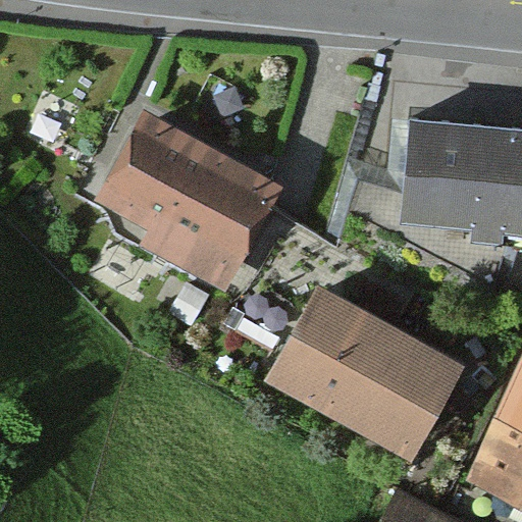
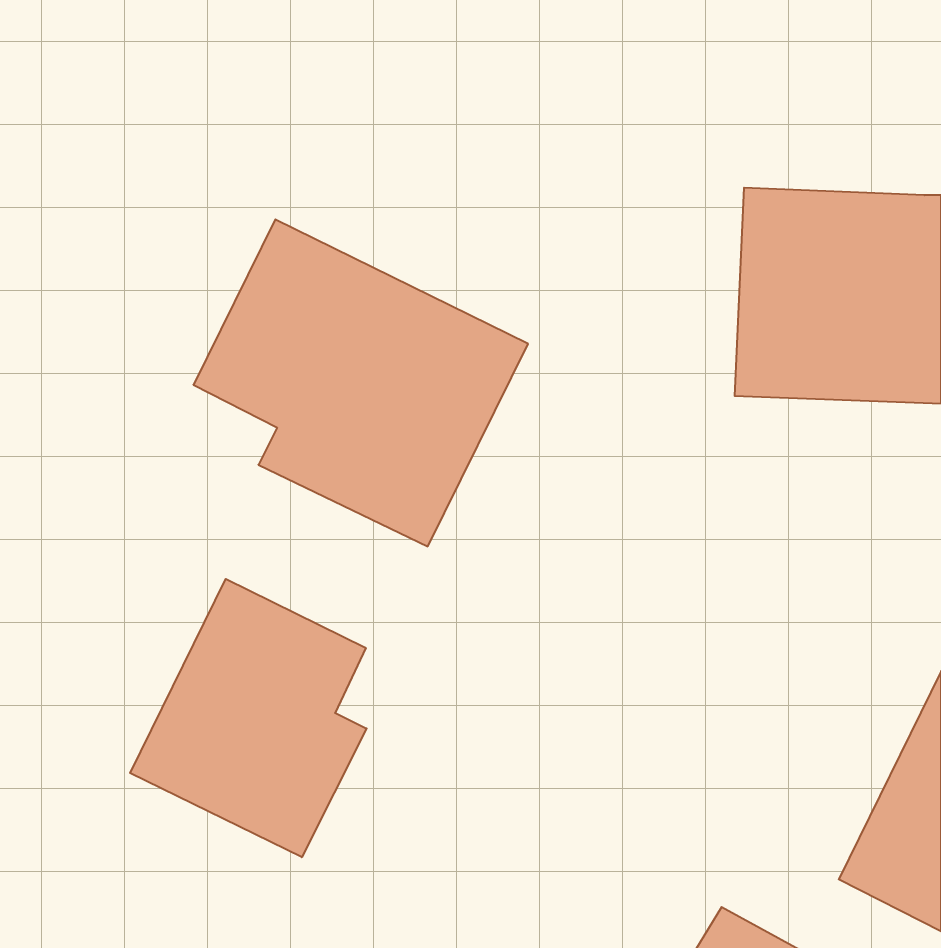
building: [277,291,468,460] -> none
building: none -> [130,579,367,857]

